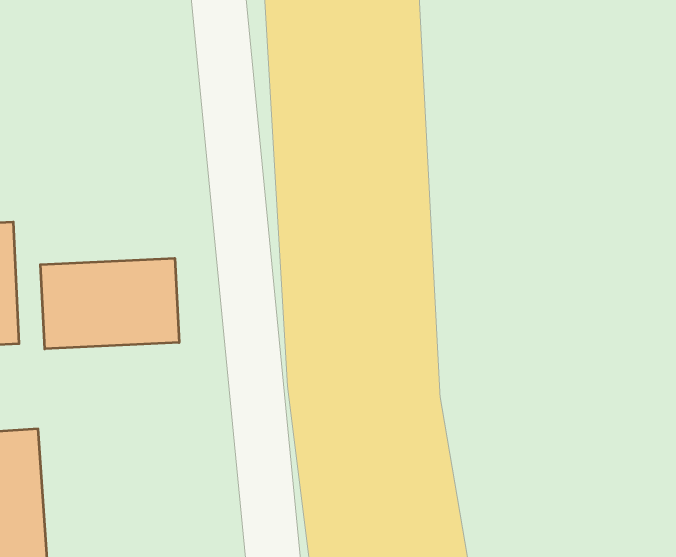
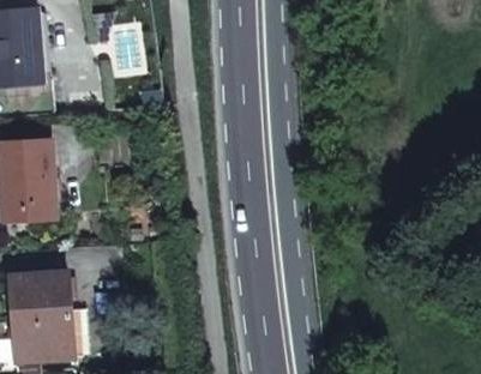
building: [40,258,179,349] -> none

